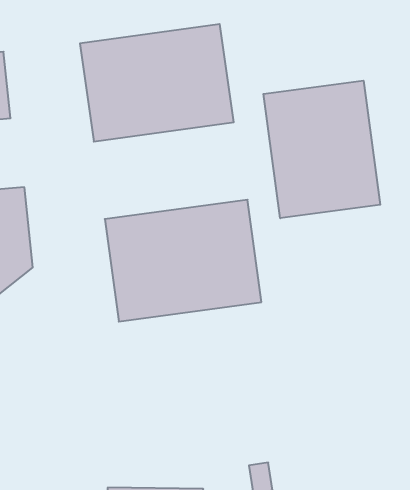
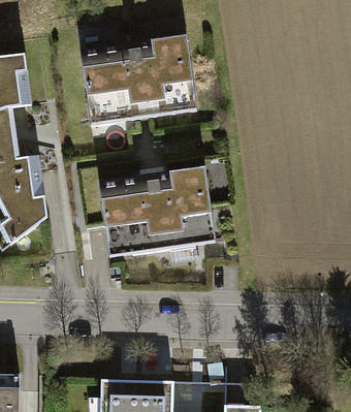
building: [263,81,380,218] -> none

